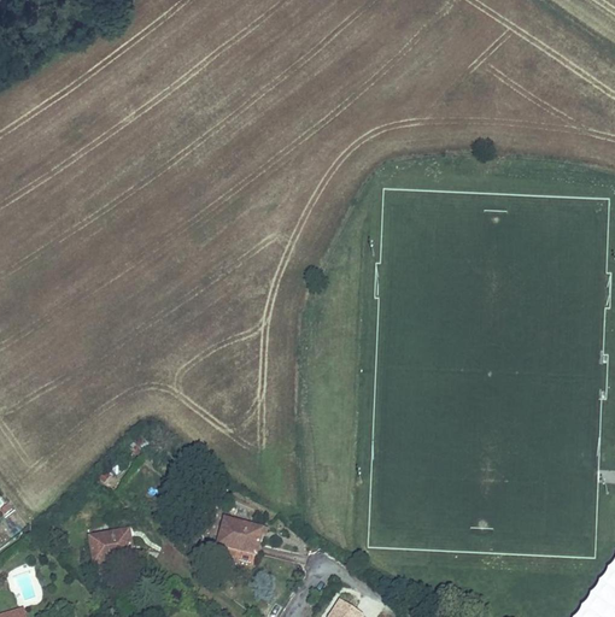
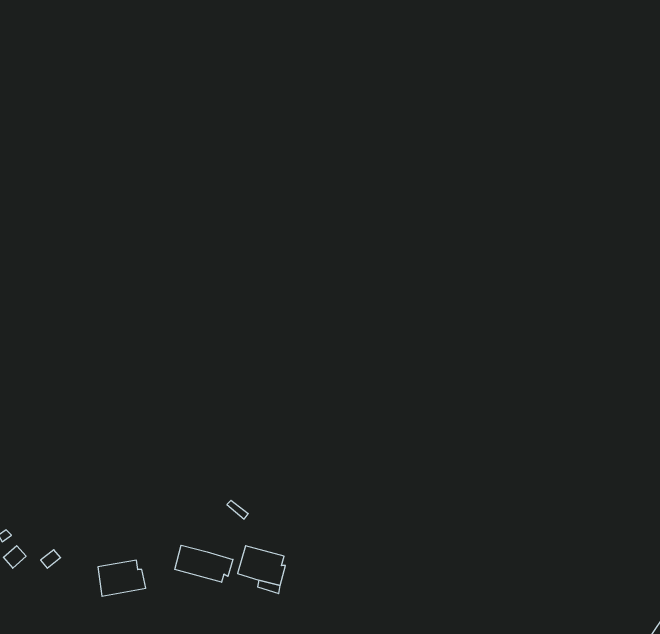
building: none -> [175,545,233,582]

